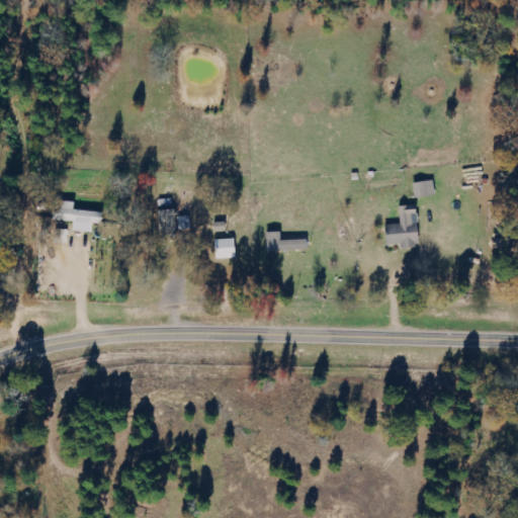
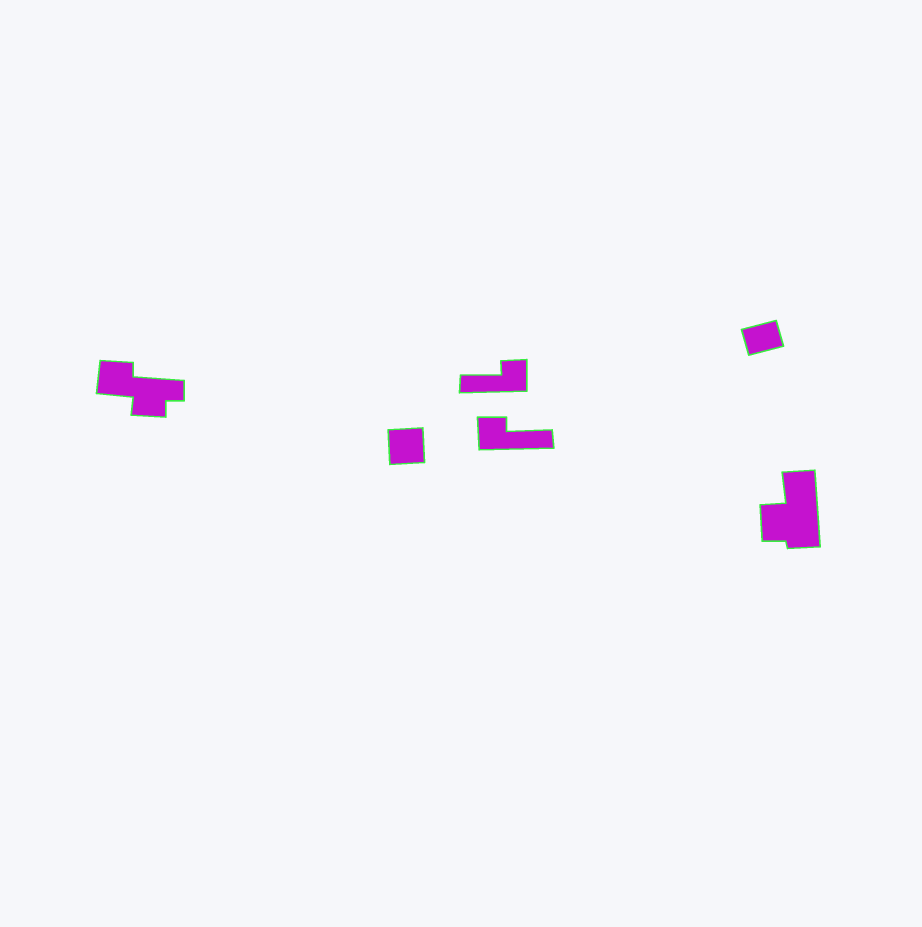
building: none -> [460,359,527,393]
building: [385,204,419,248] -> [760,470,820,549]

